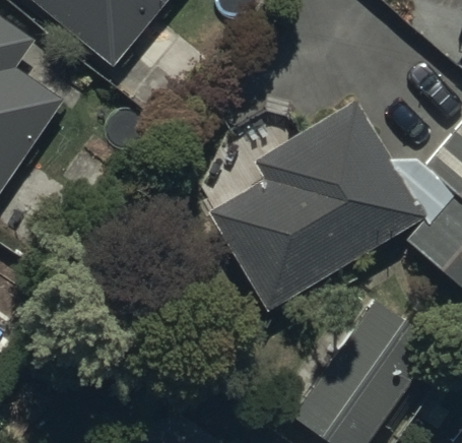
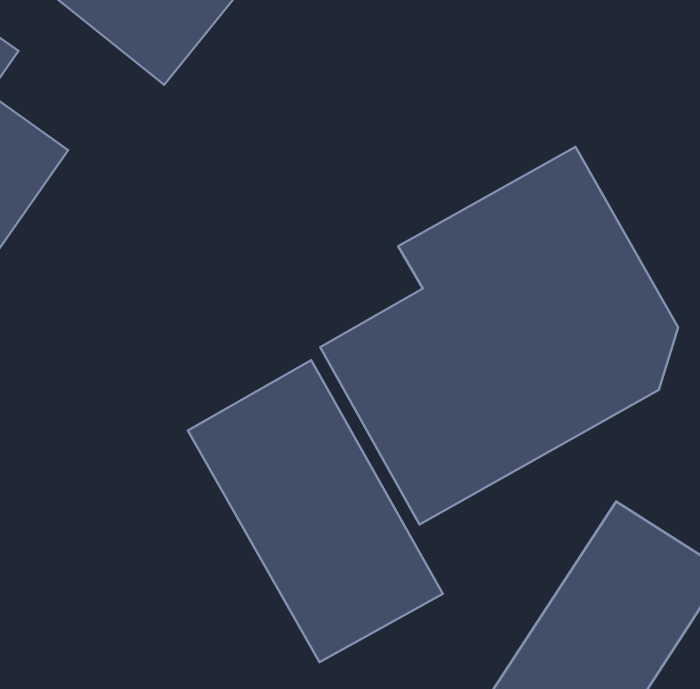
building: none -> [188,360,443,662]

